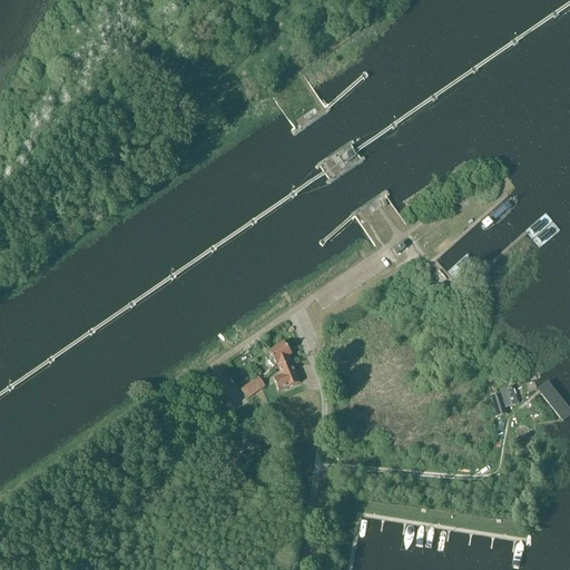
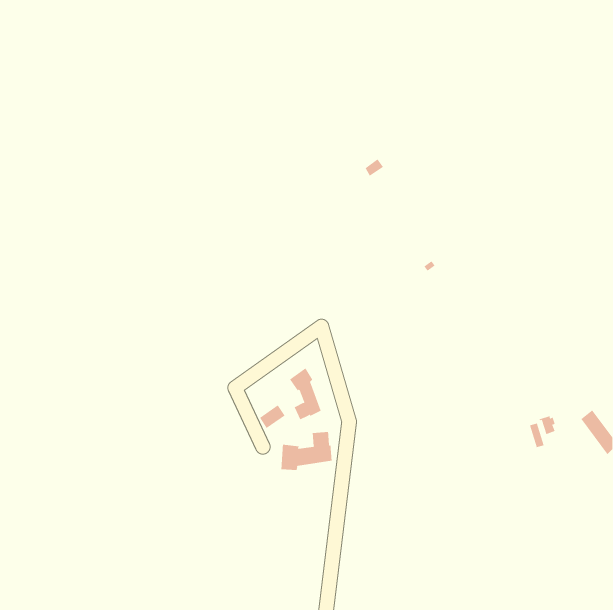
building: none -> [281,431,332,471]

